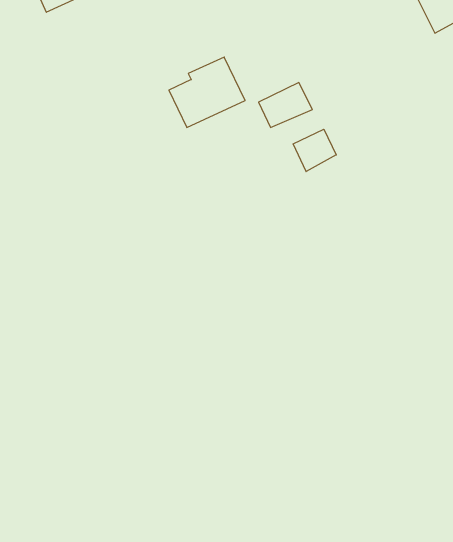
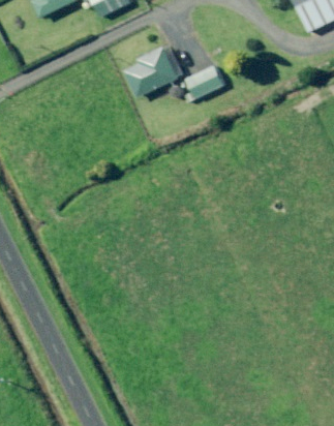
building: [293,129,336,172] -> none

